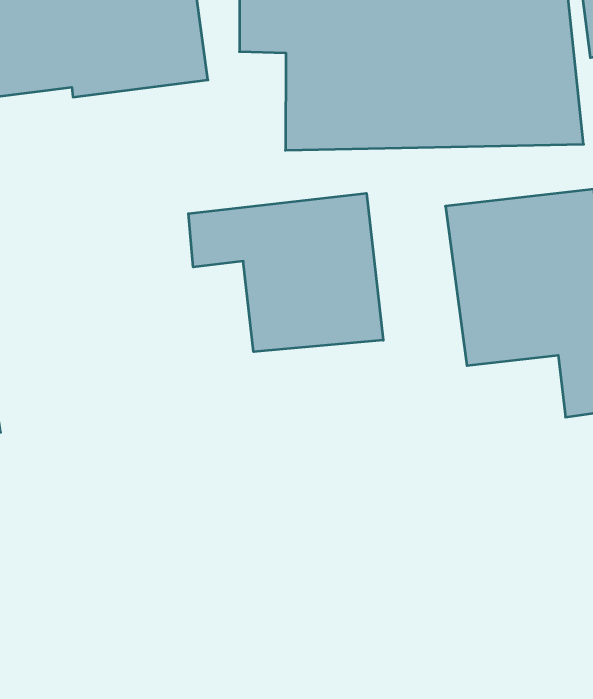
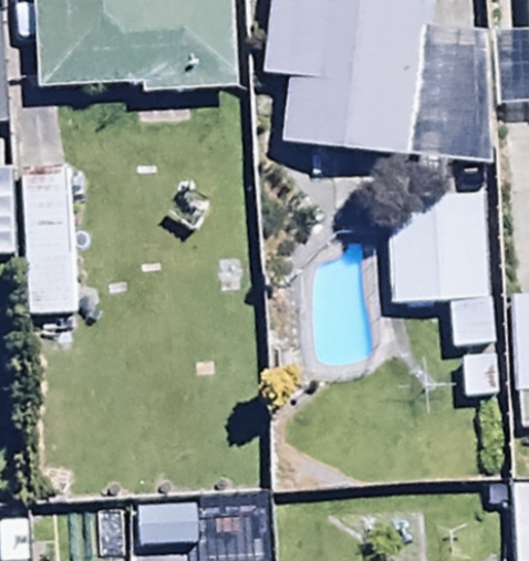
building: [188,193,383,352] -> none

